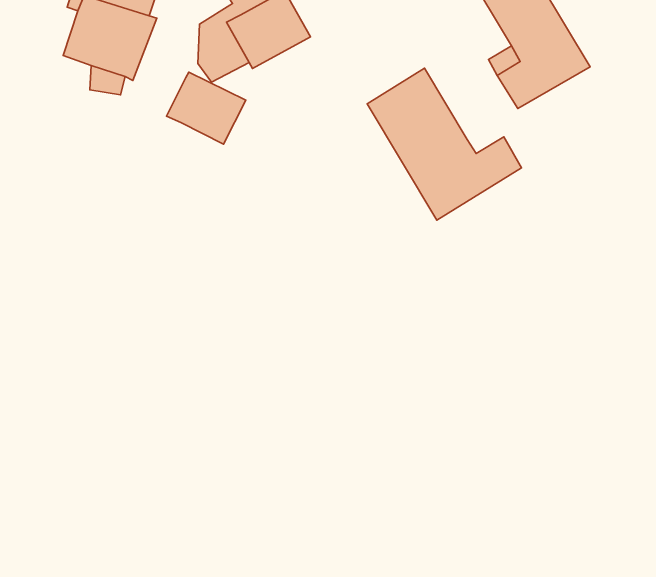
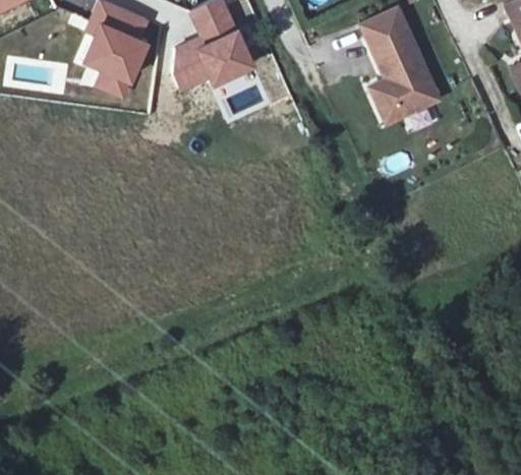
building: [367,68,521,220] -> none
building: [166,72,246,144] -> none

